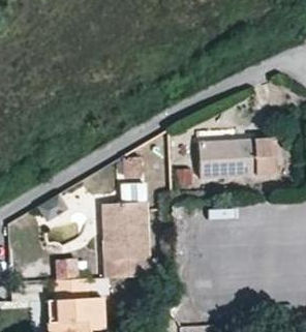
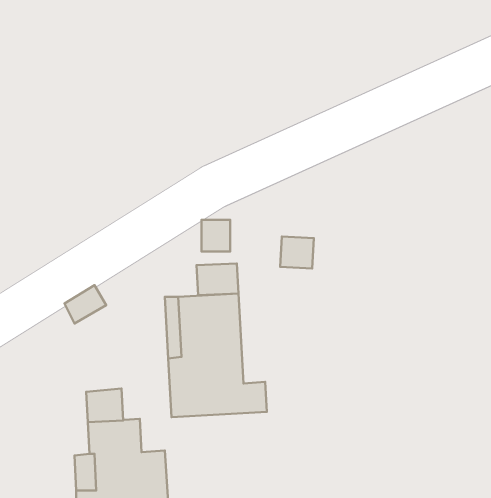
building: [200,140,274,178] -> none

